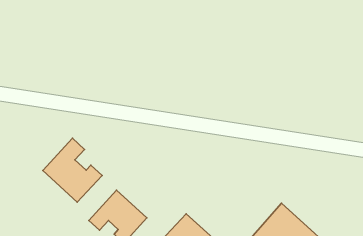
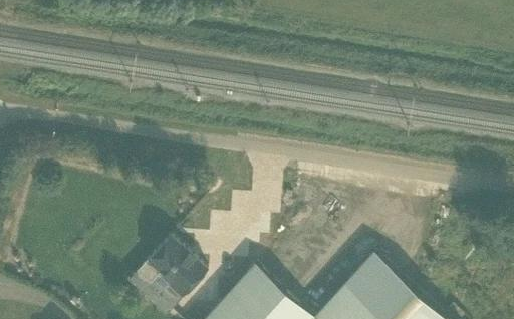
building: [43,138,102,202] -> none

